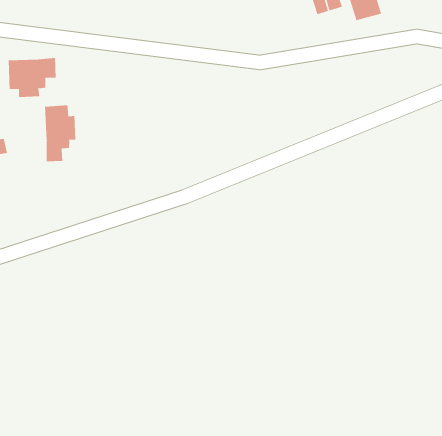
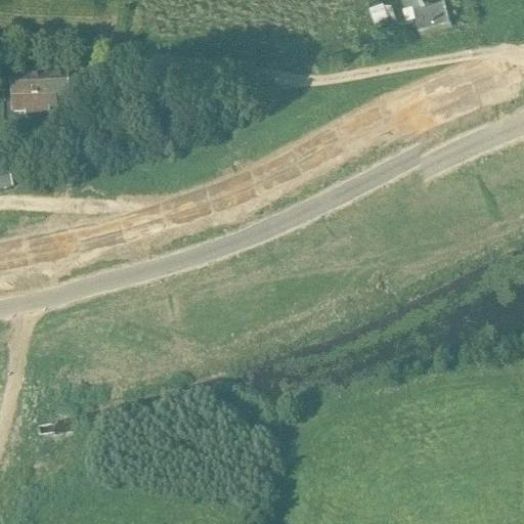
building: [44,105,76,162] -> none

